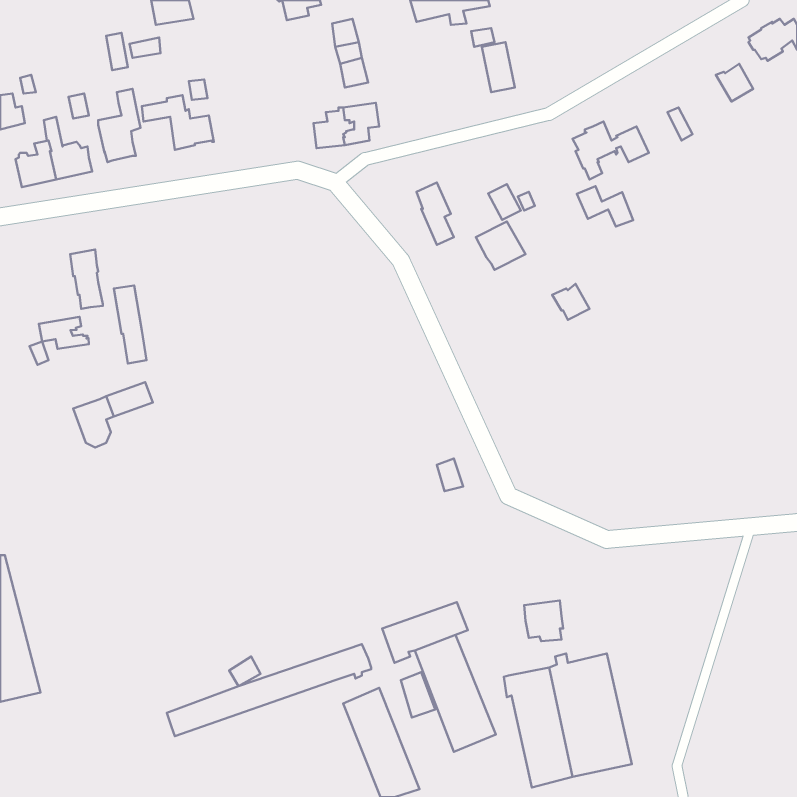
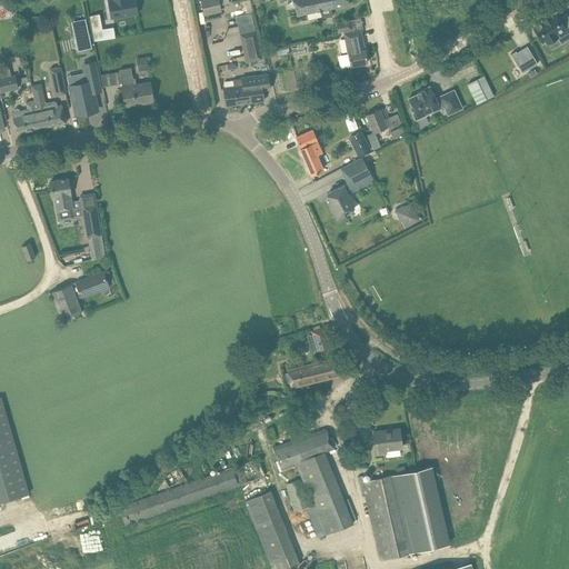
building: [577,186,633,227] -> [366,109,406,138]
building: none -> [327,183,355,219]
building: [39,317,89,349] -> none
building: none -> [282,359,338,388]

